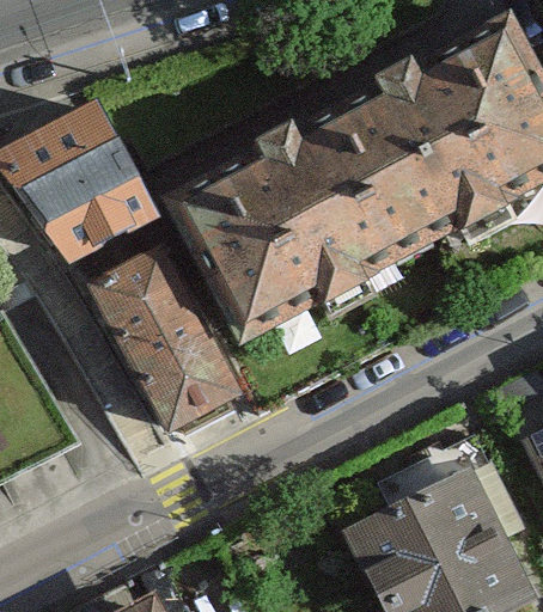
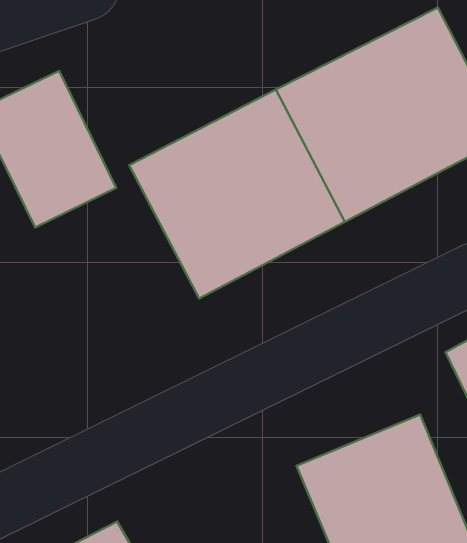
building: [79,247,245,451] -> none

